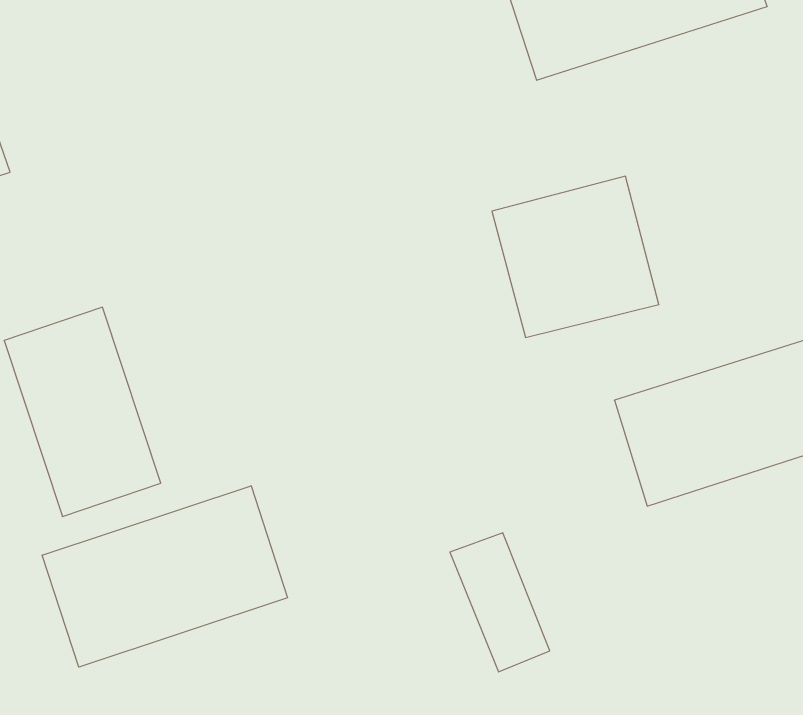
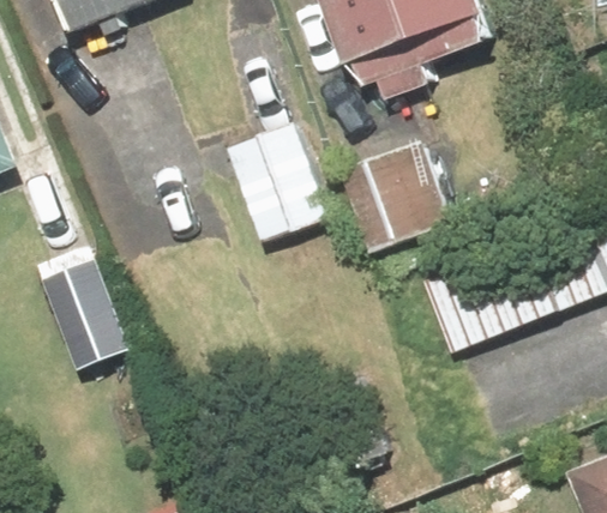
building: none -> [226,119,329,242]
building: [42,486,288,667] -> none

